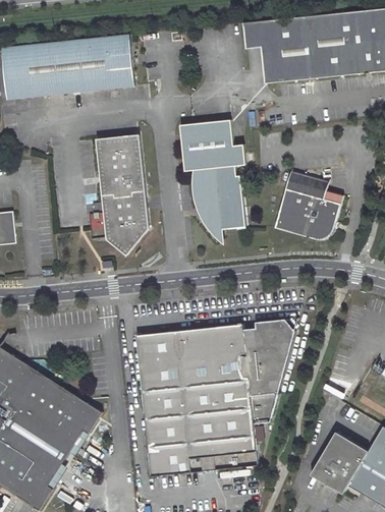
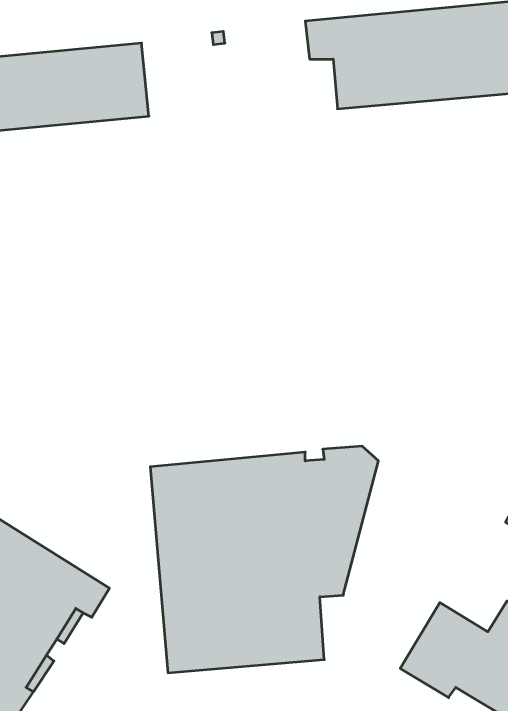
building: [179,121,245,244] -> none
building: [97,134,150,254] -> none
building: [275,171,345,240] -> none

